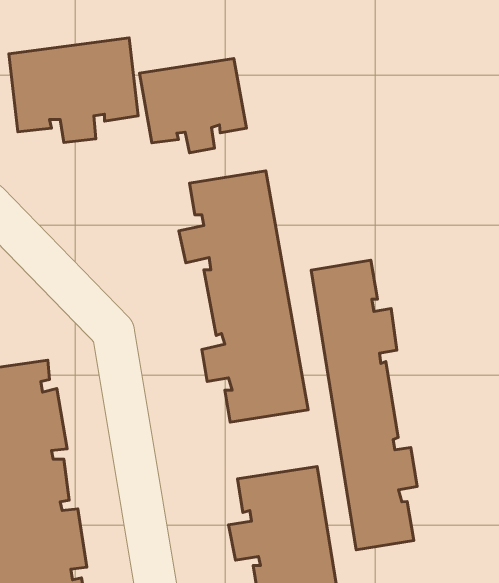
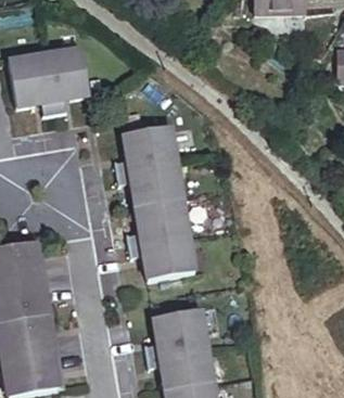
building: [140,58,246,153] -> none
building: [311,260,417,550] -> none

